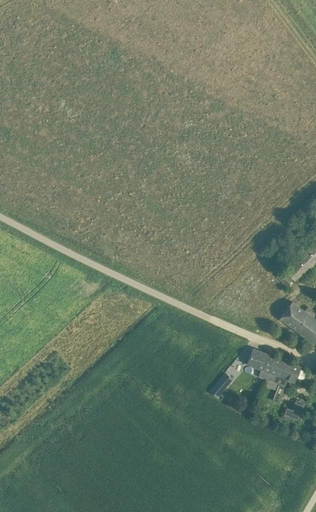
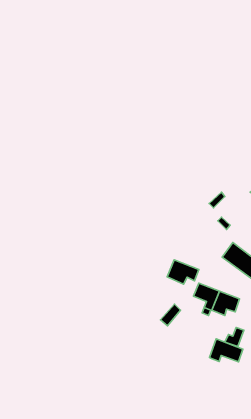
building: none -> [167,260,199,284]
building: none -> [210,339,243,362]

